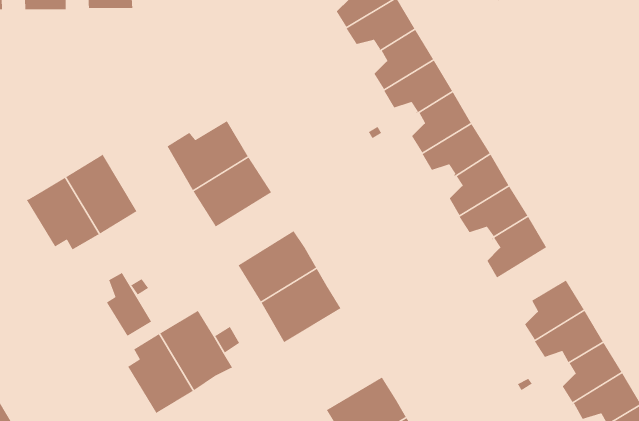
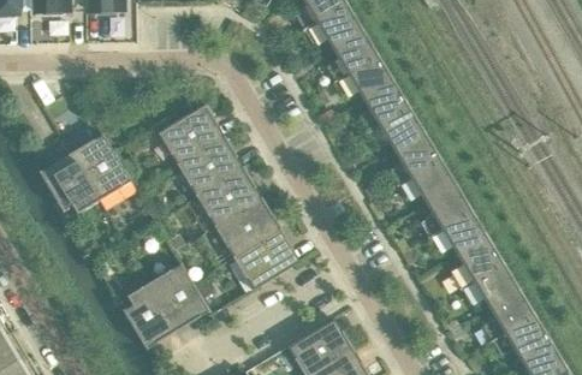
building: none -> [196,166,261,226]
building: none -> [428,212,487,256]
building: [105,270,152,337] -> none

